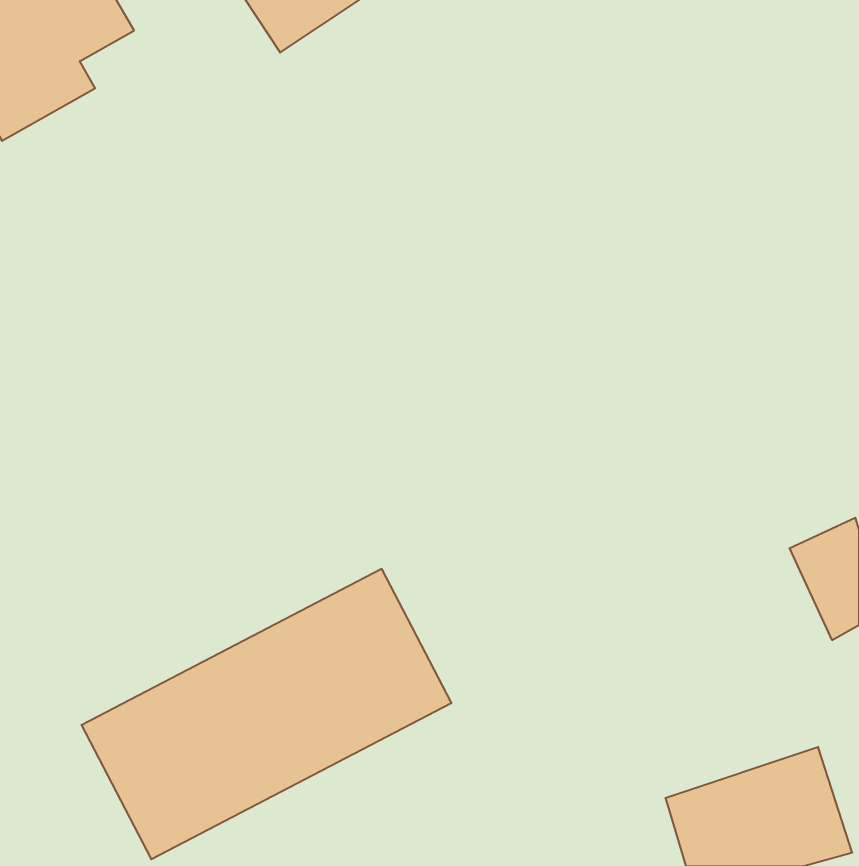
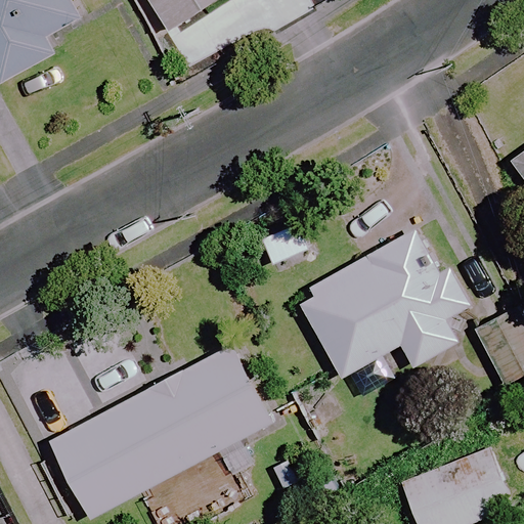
building: none -> [297,229,470,378]

